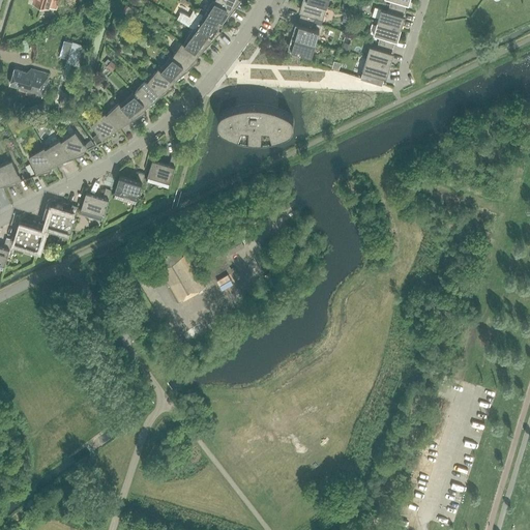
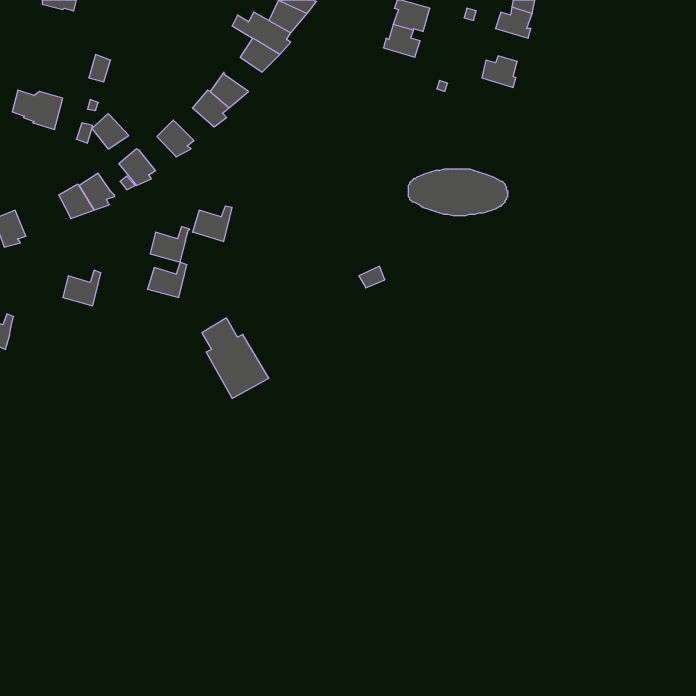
building: [373,23,401,48] -> none
building: [287,37,315,61] -> none
building: [171,43,199,70] -> none
building: [361,60,389,85] -> none
building: [134,81,163,108] -> none
building: [106,104,134,130] -> [92,114,129,149]
building: [217,106,293,141] -> [408,169,508,216]
building: [28,148,54,176] -> none
building: [80,189,110,216] -> [147,262,187,298]
building: [13,224,43,251] -> none

